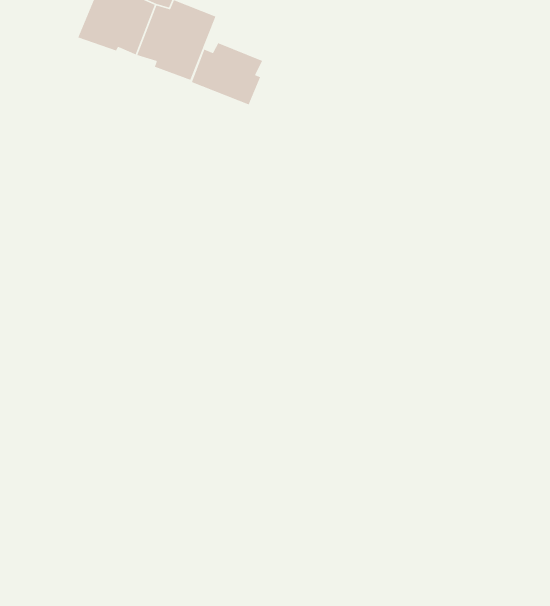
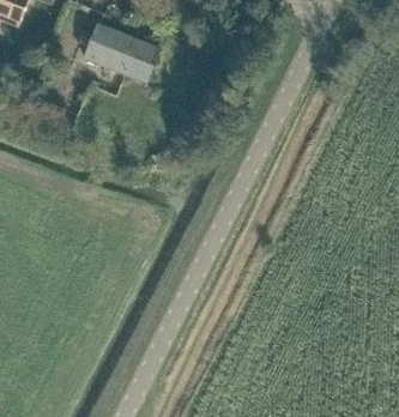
building: [191,42,263,105] -> none

